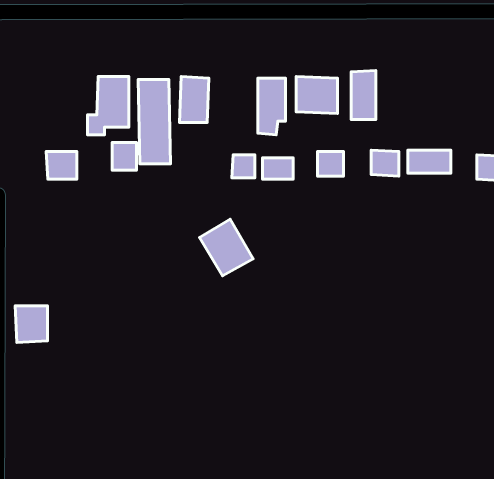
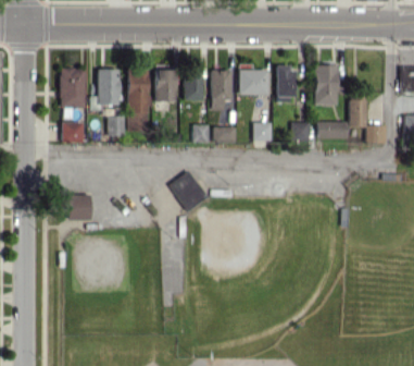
building: none -> [315,64,338,105]
building: none -> [60,68,87,108]
building: none -> [185,70,204,100]
building: none -> [350,100,367,126]
building: [15,306,47,343] -> [68,194,91,220]

